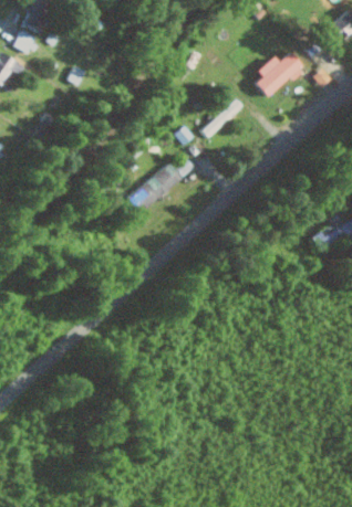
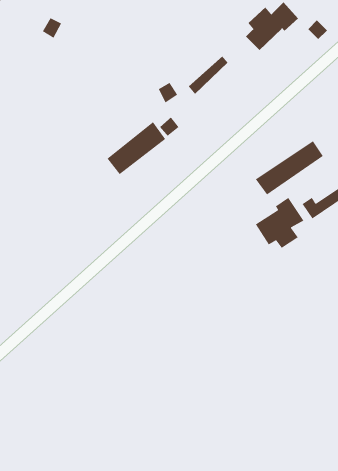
building: none -> [255,140,324,195]
building: none -> [255,197,304,249]

